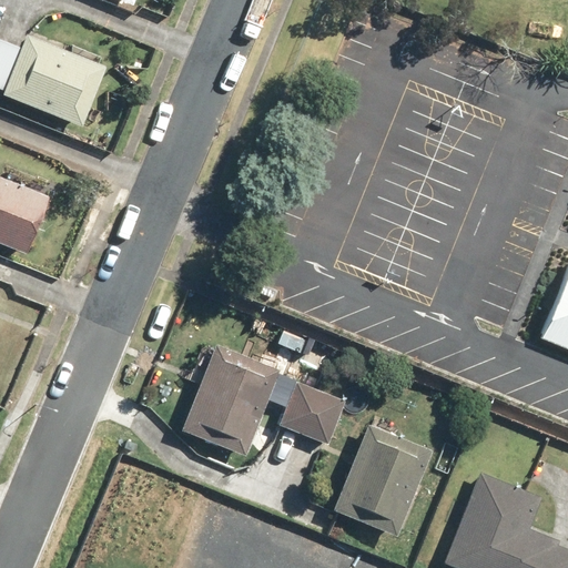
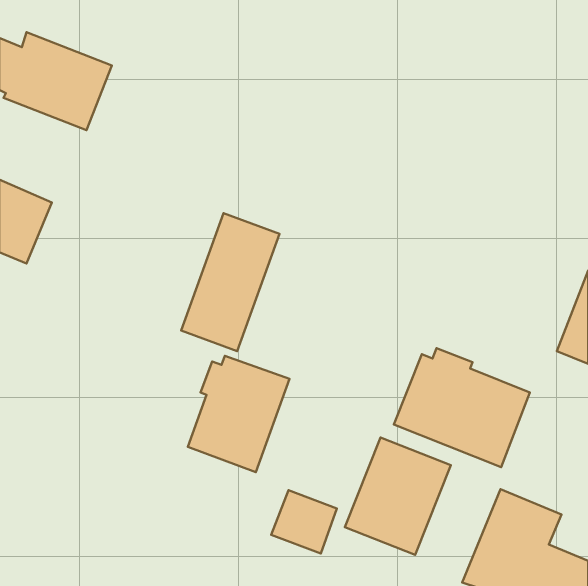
building: none -> [181,213,279,351]
building: none -> [394,348,530,467]
building: [280,383,343,444] -> [271,490,337,553]

